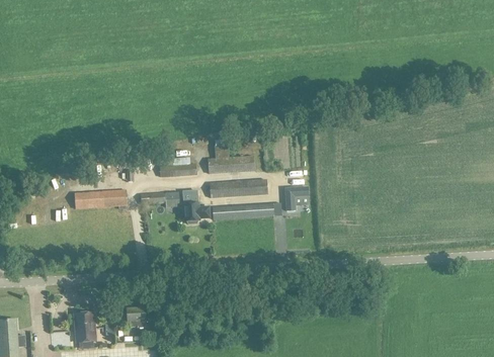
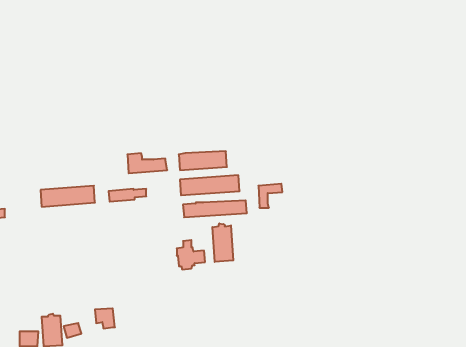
building: [182,195,210,224] -> [177,240,205,269]
building: none -> [212,223,233,262]

